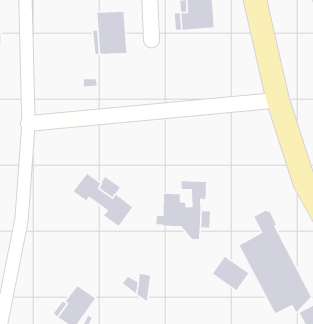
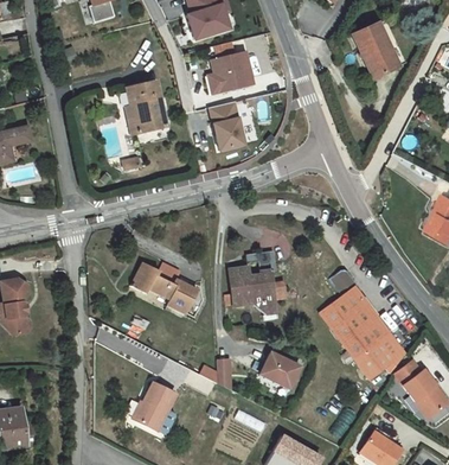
building: none -> [209,102,243,151]
building: [212,256,249,291] -> [259,352,300,388]

